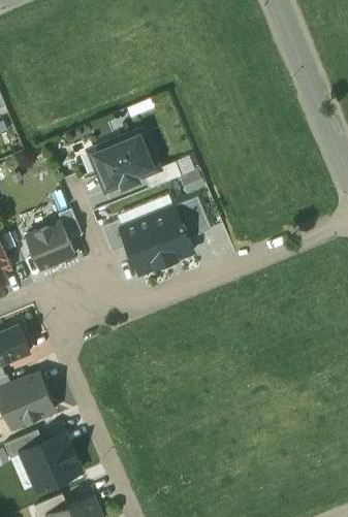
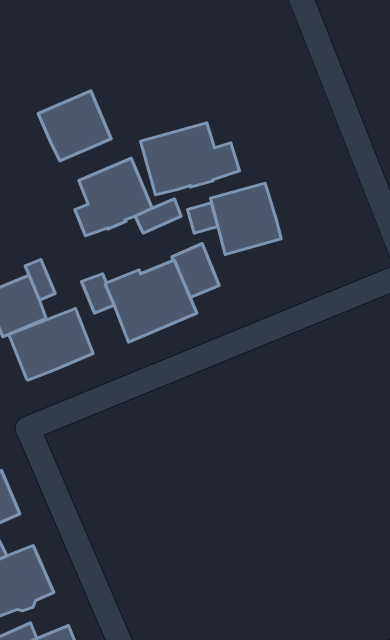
building: none -> [38,91,111,161]
building: none -> [140,123,239,195]
building: none -> [210,183,281,255]
building: none -> [9,309,93,380]

